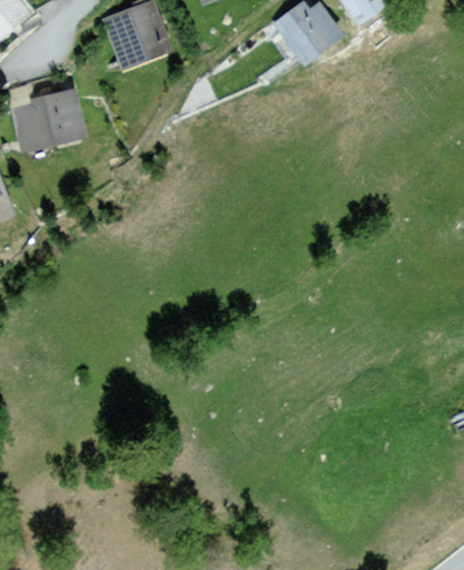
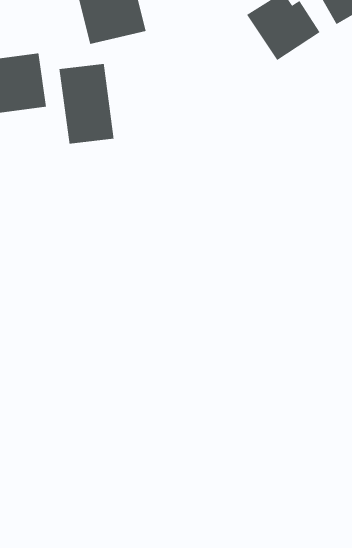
building: none -> [59,63,114,145]

